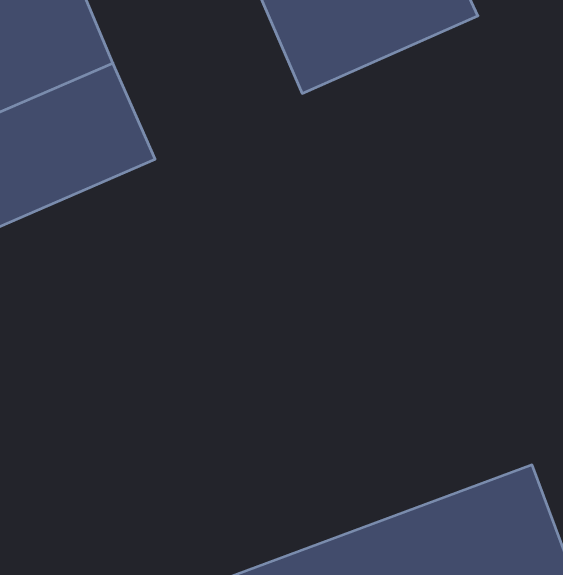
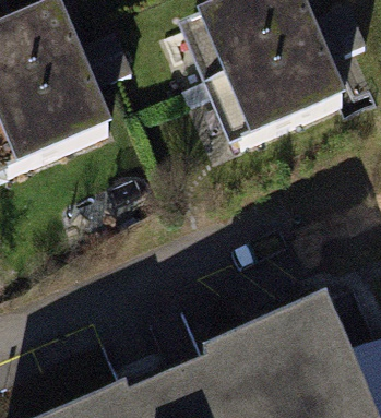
building: none -> [203,27,344,140]

